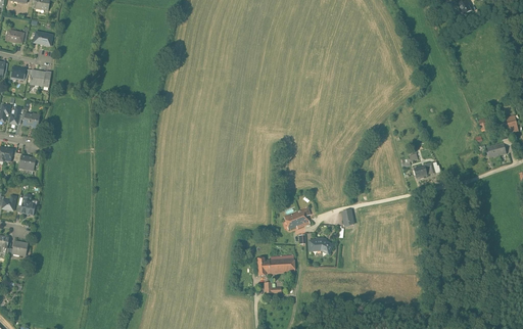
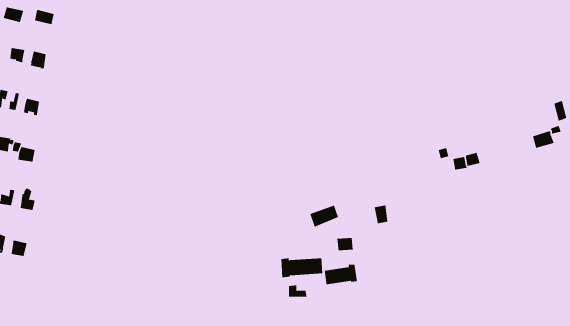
building: none -> [324,264,357,285]

